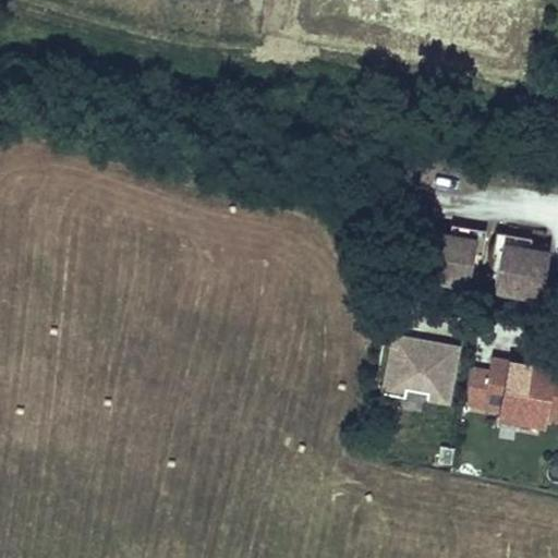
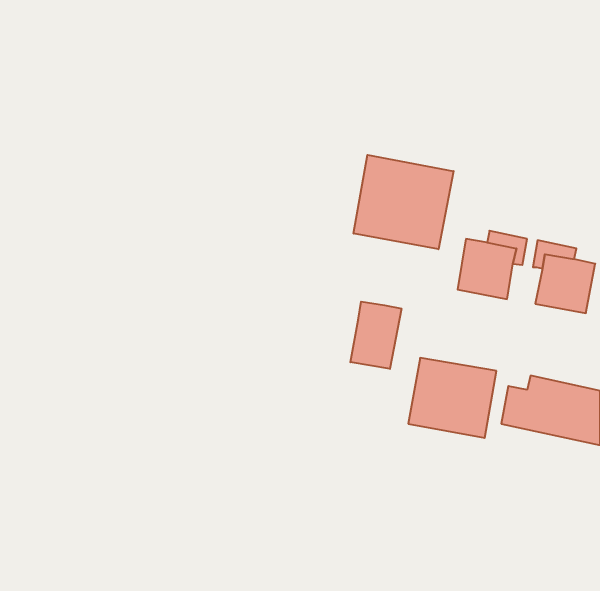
building: none -> [354,155,454,249]
building: none -> [350,302,401,369]

